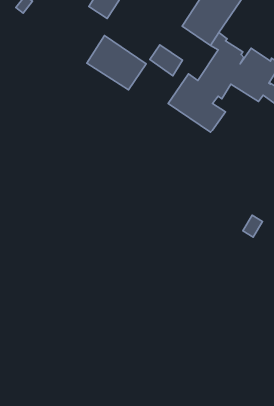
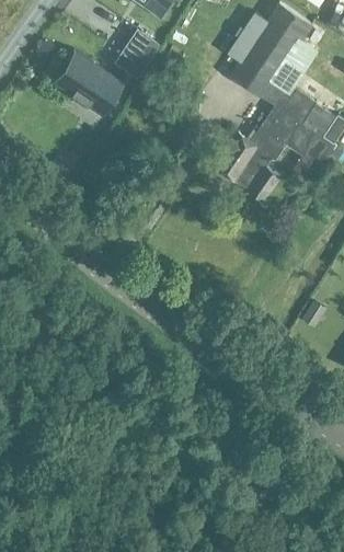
building: [87,35,146,90] -> [53,49,123,114]
building: [150,45,182,76] -> none

